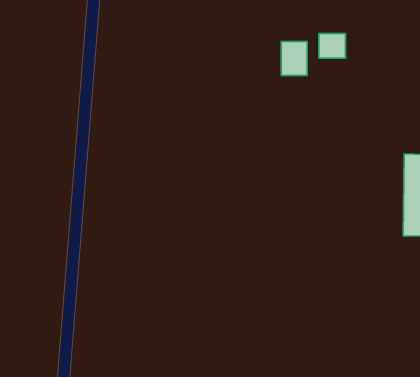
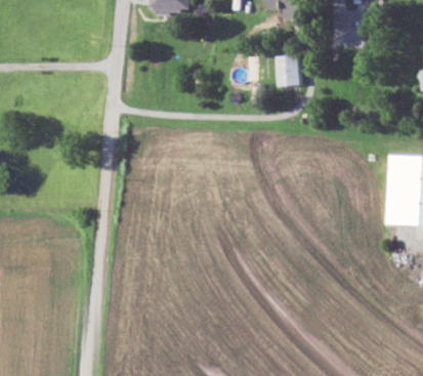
building: [319,34,346,58] -> none

